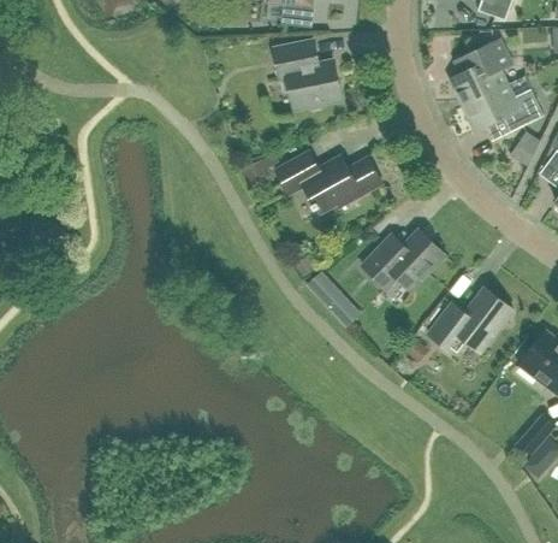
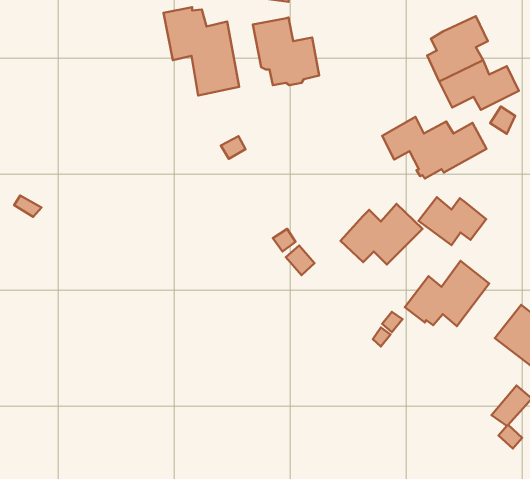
building: none -> [164,7,239,95]
building: [275,150,381,213] -> [382,117,487,179]
building: none -> [419,197,486,245]

